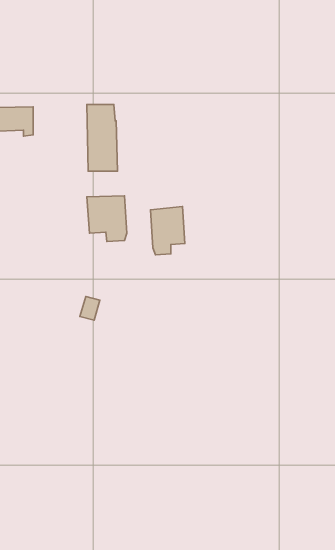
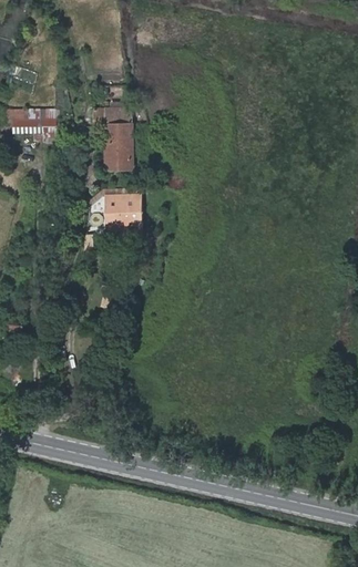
building: [150,207,185,255] -> none

